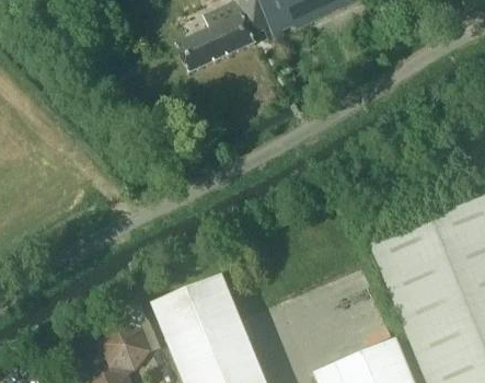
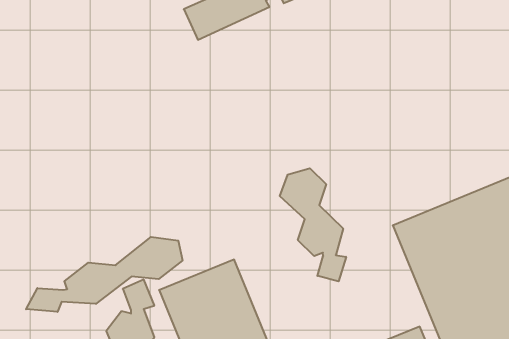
building: none -> [280,168,346,281]
building: none -> [26,237,183,312]

